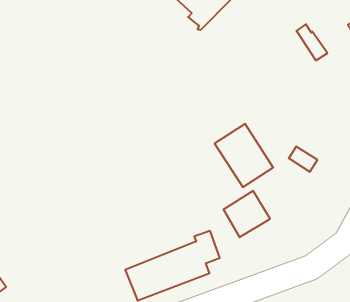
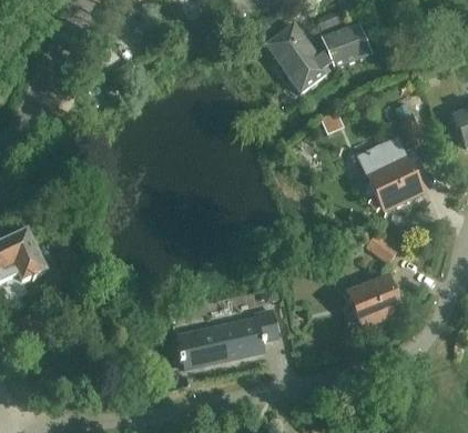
building: [215,124,273,187] -> [363,141,420,208]
building: [223,191,270,237] -> [352,276,399,323]

